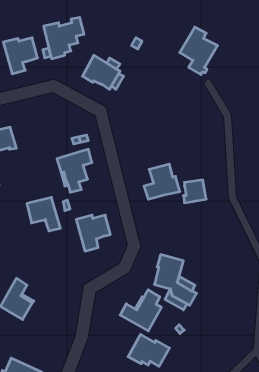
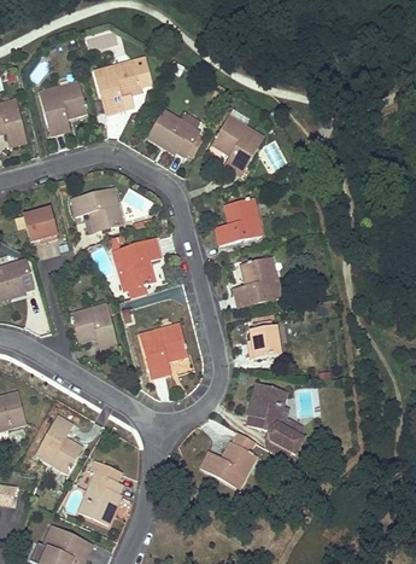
building: [180,27,218,75] -> [211,110,263,175]
building: none -> [71,188,122,229]
building: none -> [213,198,260,244]
building: [183,180,206,203] -> [248,326,280,357]
building: none -> [77,463,122,524]
building: [128,334,170,366] -> none

